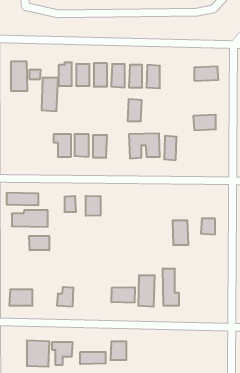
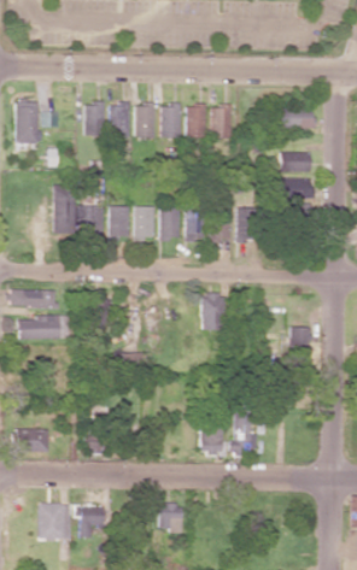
building: [42,78,58,111] -> [53,187,77,235]
building: none -> [281,152,312,172]
building: [128,99,142,121] -> [160,207,181,239]
building: [86,196,100,216] -> none
building: [172,221,188,245] -> [203,295,226,330]
building: [29,236,49,250] -> none
building: [112,287,135,303] -> none
building: [80,352,106,364] -> none

